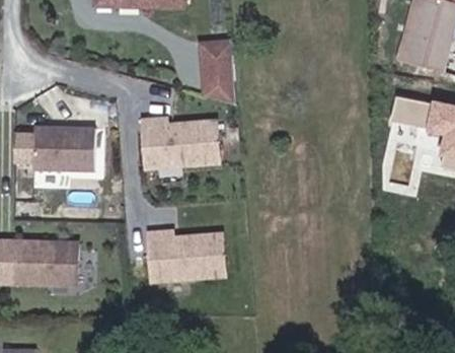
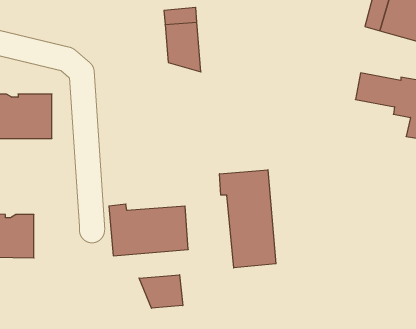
building: [143,115,220,164] -> none
building: none -> [220,170,276,268]
building: none -> [139,275,183,308]

